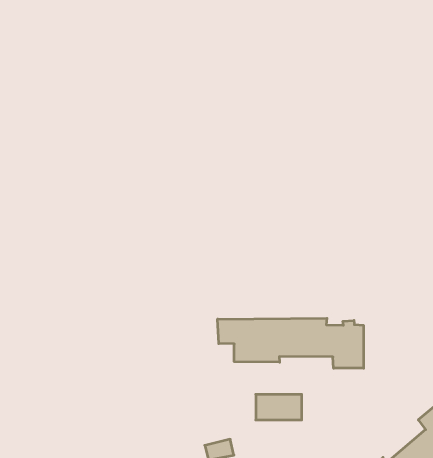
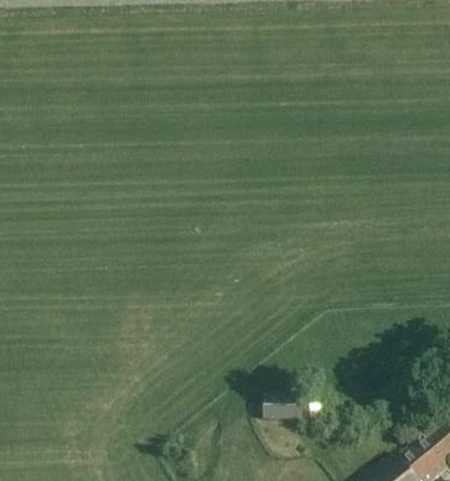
building: [218,318,364,368] -> none

